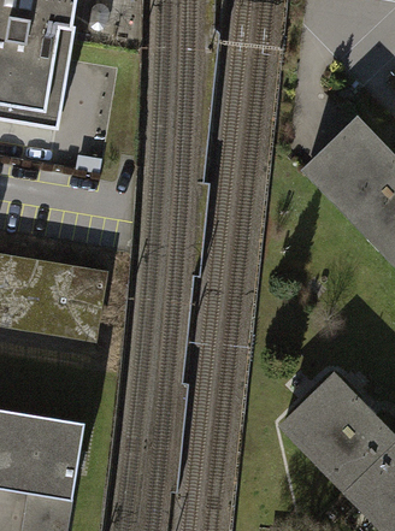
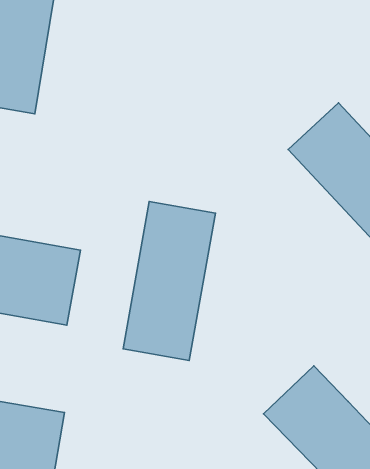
building: none -> [123,201,215,360]

